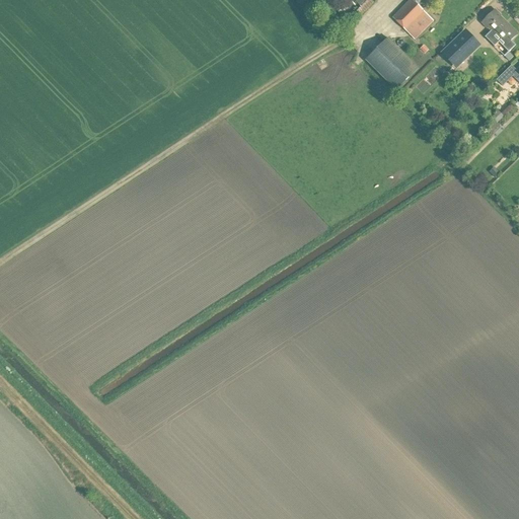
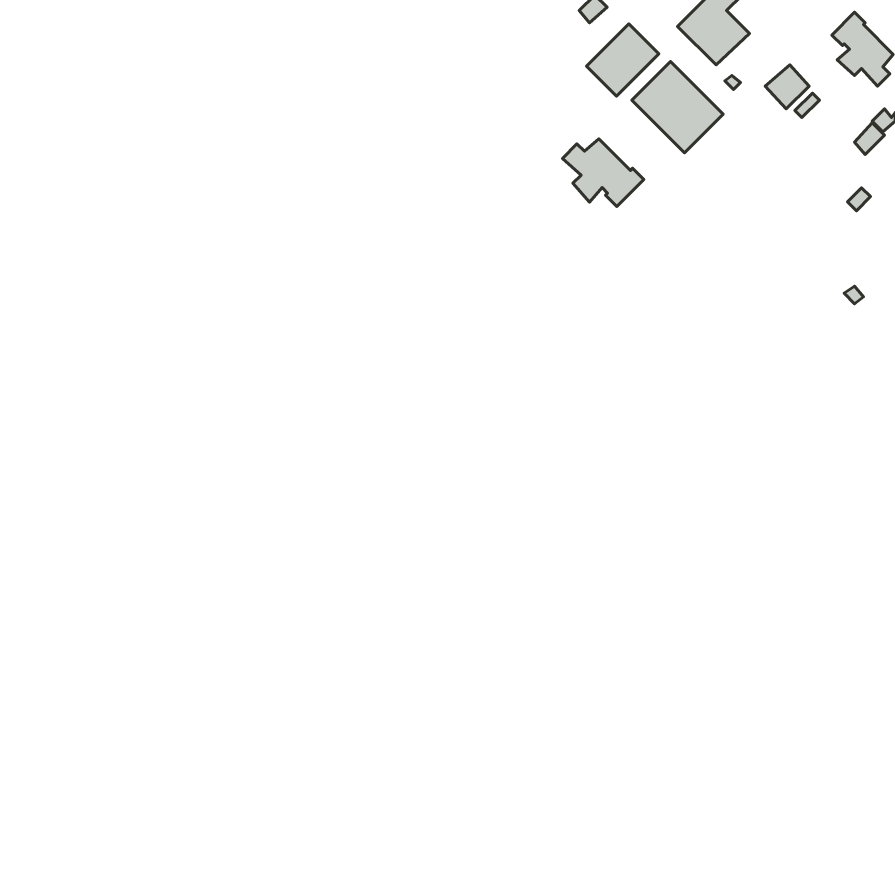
building: none -> [587,24,659,96]
building: none -> [562,139,644,206]

